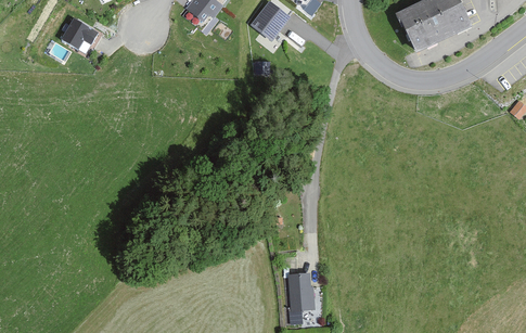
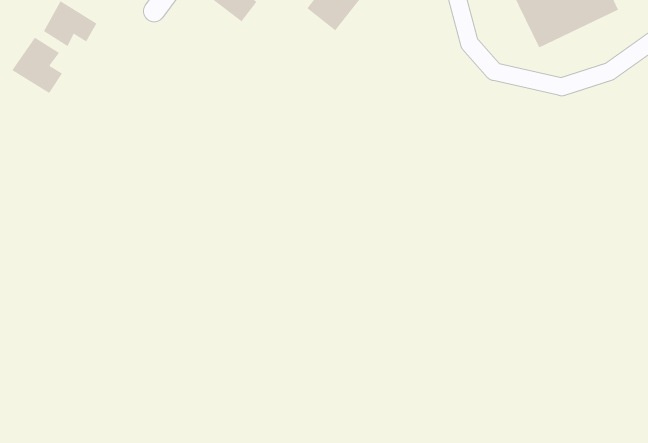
building: none -> [12,37,63,94]
building: [293,276,319,312] -> none

